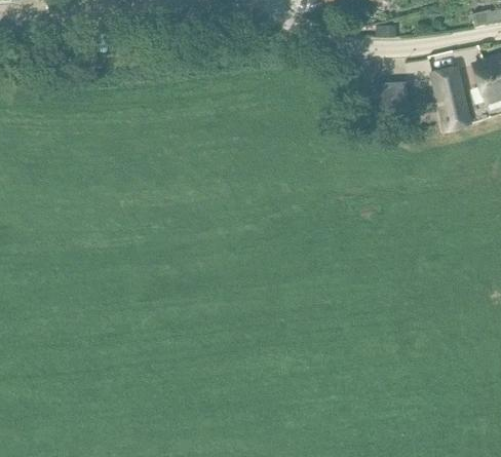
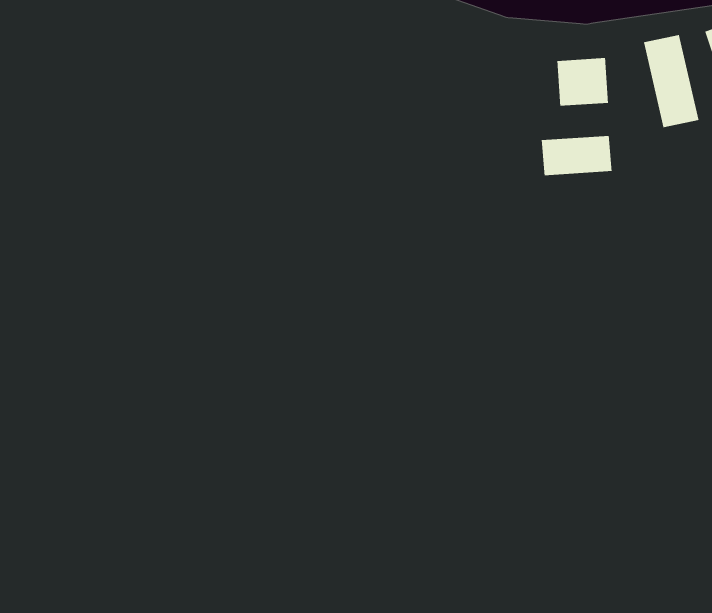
building: none -> [541,135,612,176]

